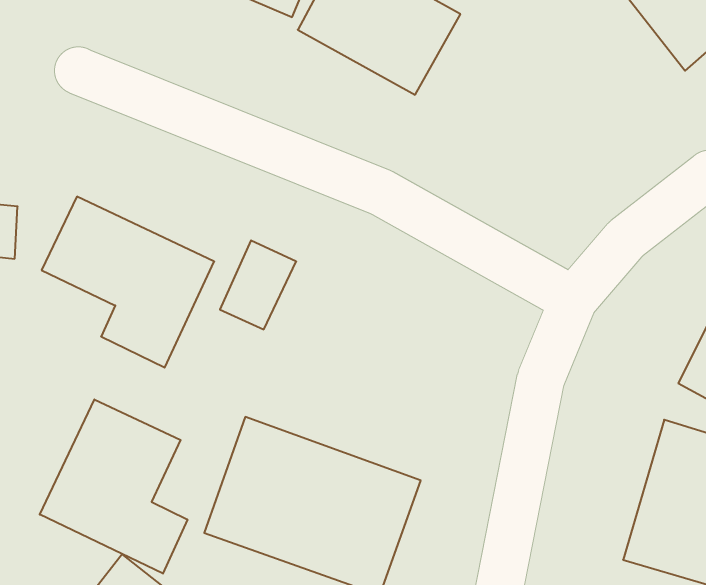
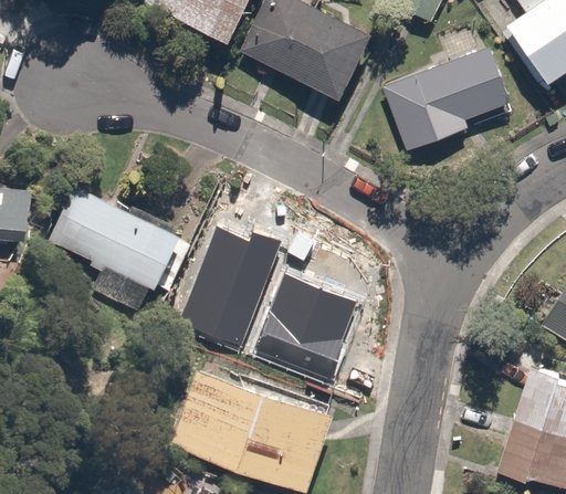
building: none -> [385,49,510,158]
building: none -> [212,243,353,380]
building: [40,399,187,574] -> none

